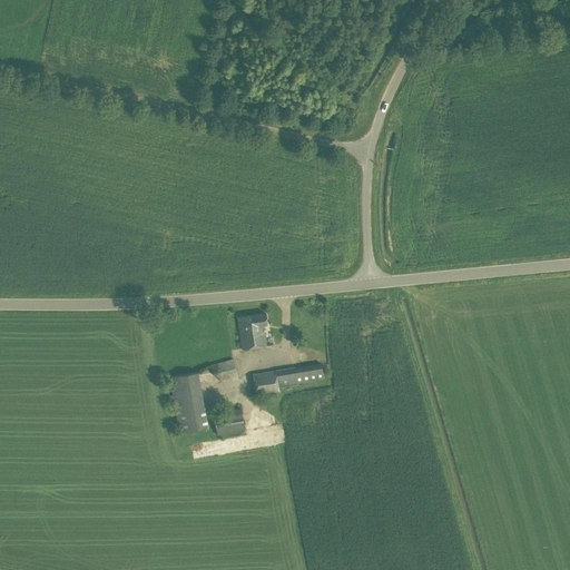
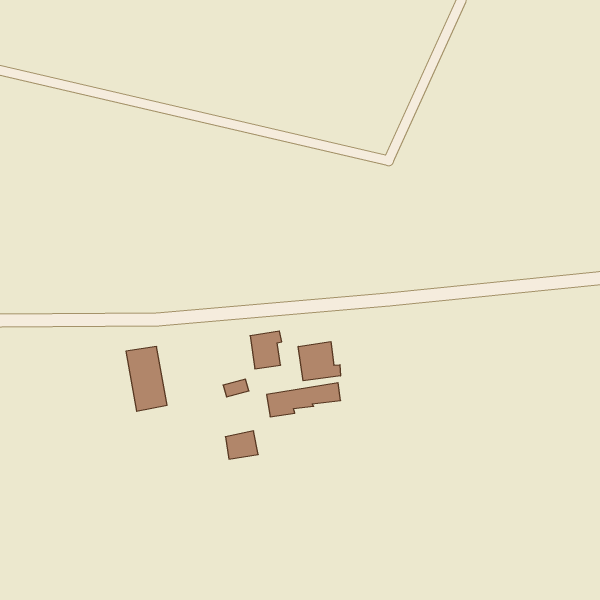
building: none -> [298,342,340,381]
building: [169,372,208,433] -> [126,347,167,411]

